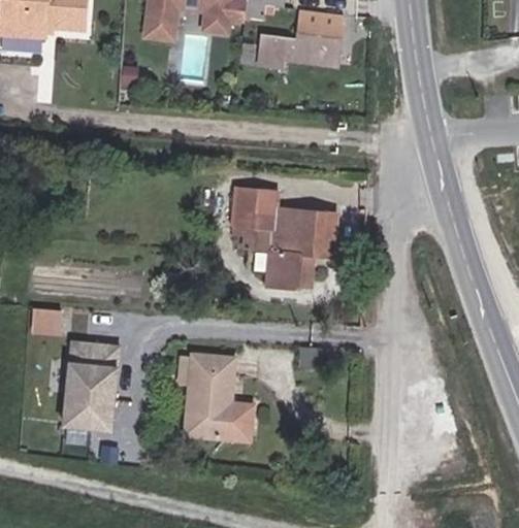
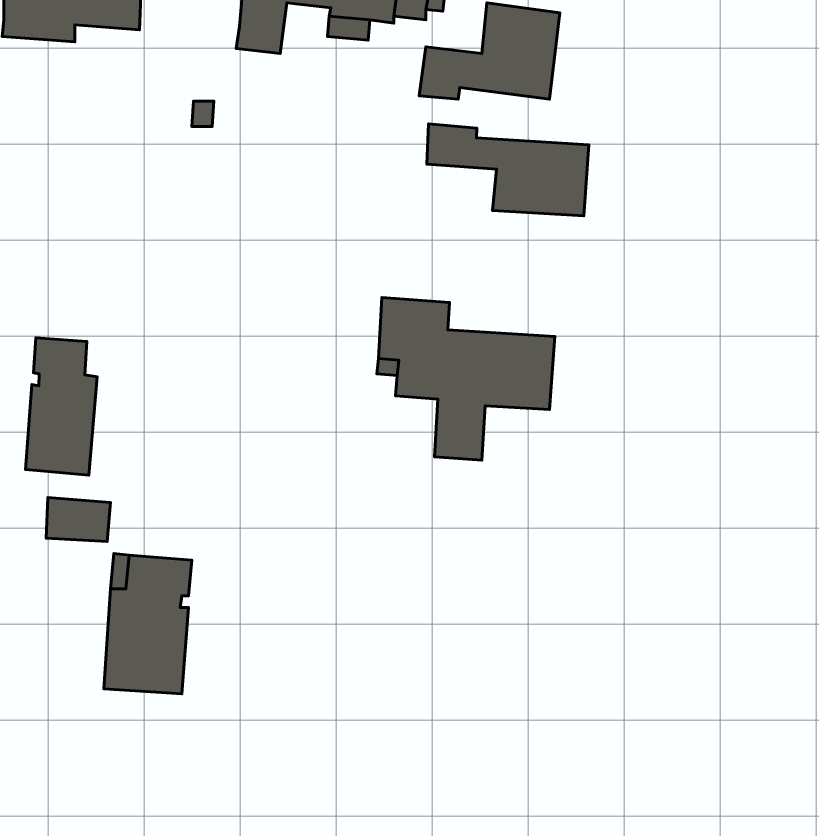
building: none -> [427,124,589,216]
building: none -> [26,338,97,475]
building: [177,353,255,436] -> none

